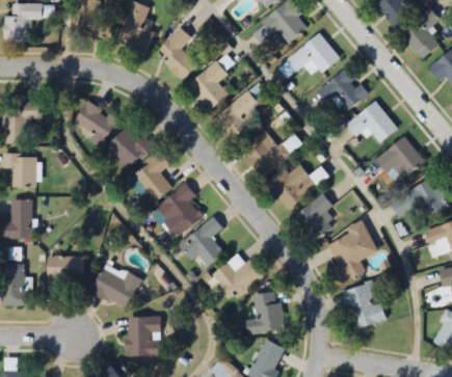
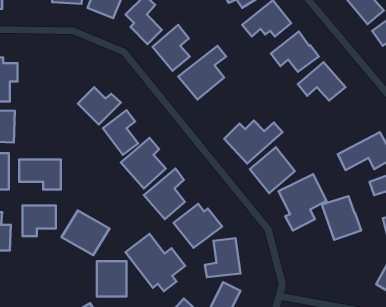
building: [74,101,118,142] -> none
building: [240,130,302,178] -> none
building: [376,136,424,184] -> none
building: none -> [19,159,61,189]
building: [343,281,385,329] -> [322,196,361,240]
building: none -> [125,234,185,291]

